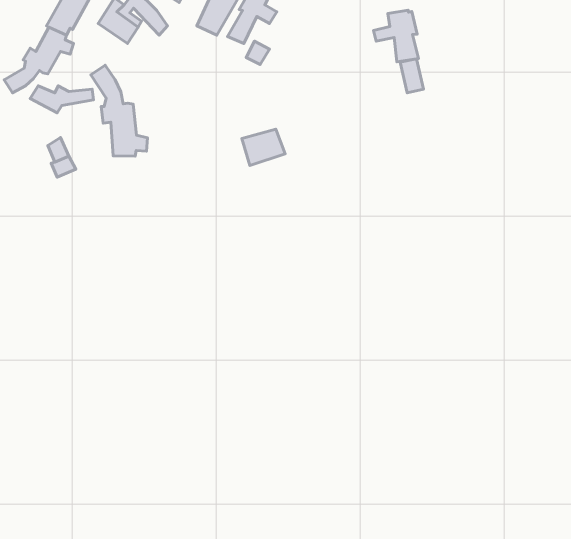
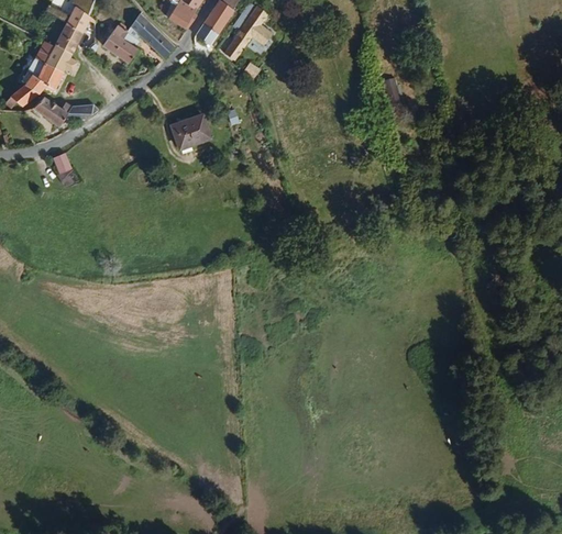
building: [373,10,419,62] -> none
building: [91,65,147,156] -> none
building: [242,129,285,166] -> [173,113,213,147]

